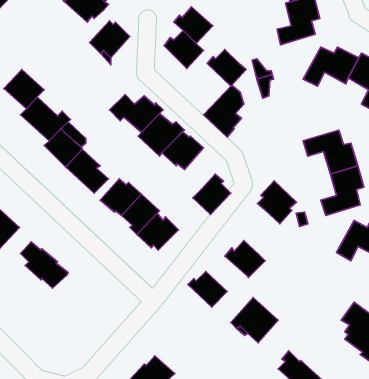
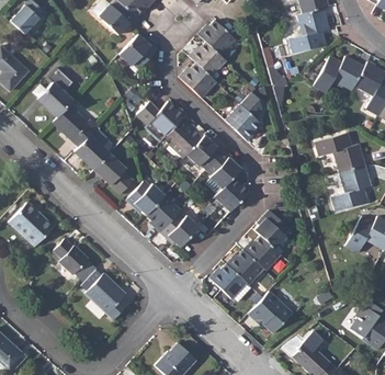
building: [207,49,246,86] -> [178,65,214,99]
building: none -> [205,151,239,190]
building: [257,181,297,224] -> [253,211,290,250]
building: none -> [225,251,263,286]
building: none -> [81,269,126,318]

